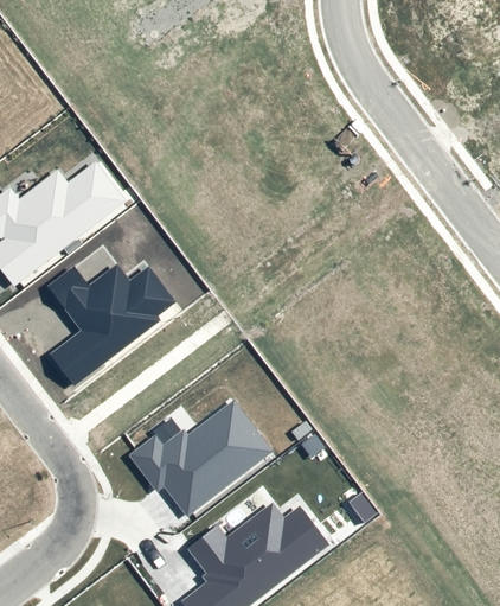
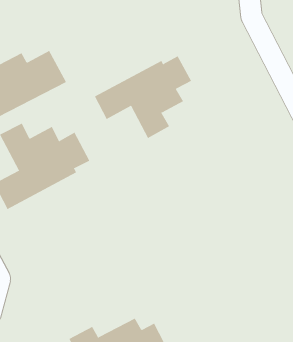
building: none -> [94,55,192,139]
building: [128,401,274,517] -> none

